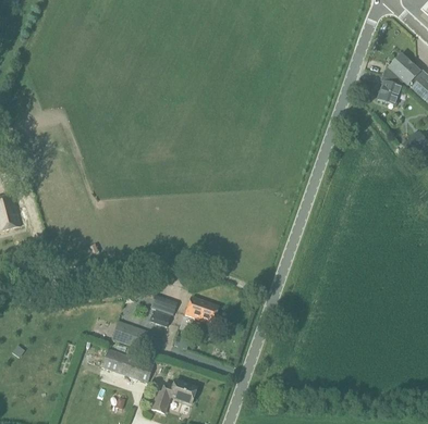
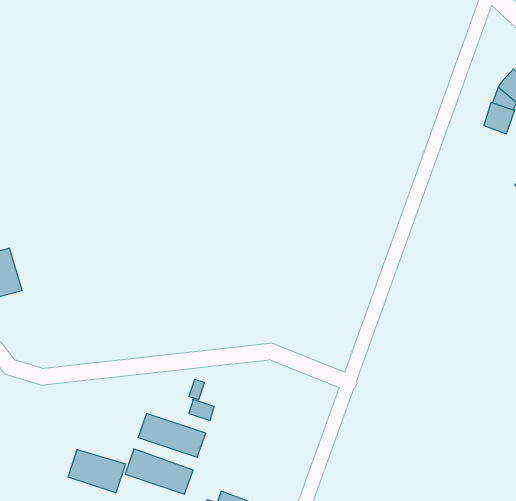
building: [186,295,220,322] -> none
building: none -> [68,449,125,493]

